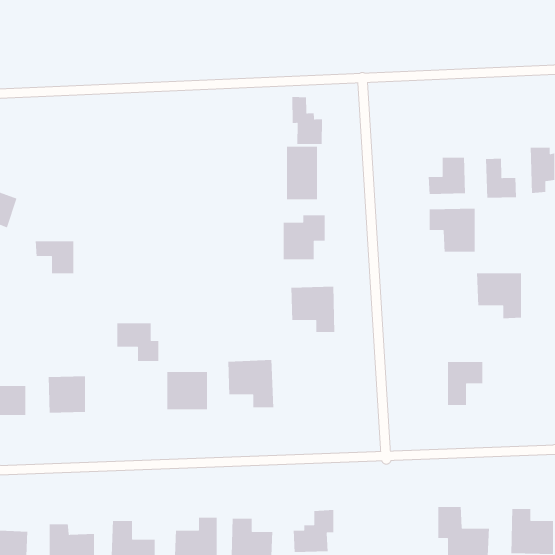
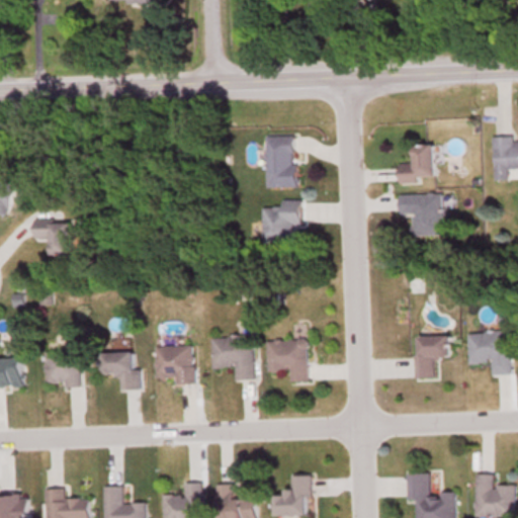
building: [291,96,323,145] -> none
building: [485,158,517,199] -> none
building: [476,273,522,319] -> [467,332,510,375]
building: [291,286,335,333] -> [266,339,308,382]
building: [117,323,159,362] -> [100,353,140,390]

